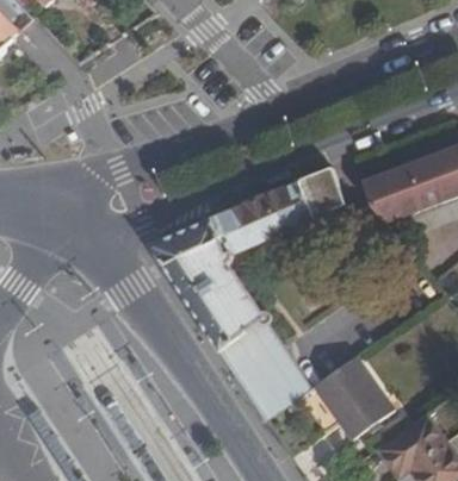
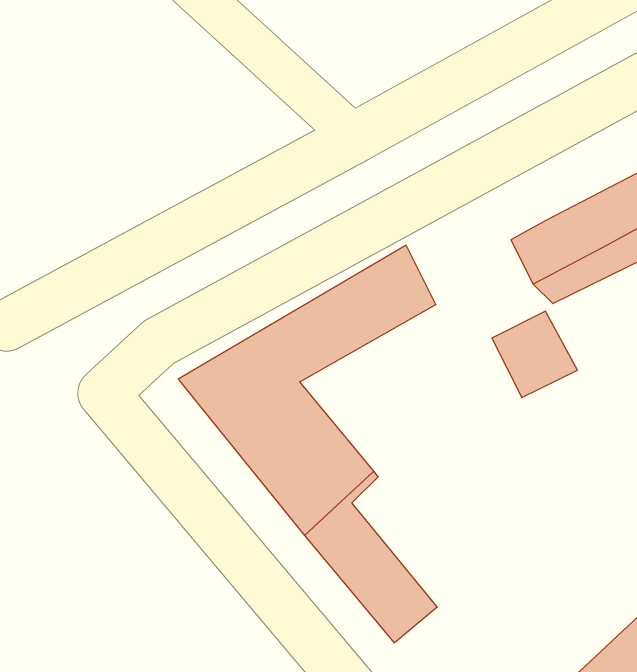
building: [298,164,348,215] -> [492,311,577,398]
building: [315,355,395,436] -> none

